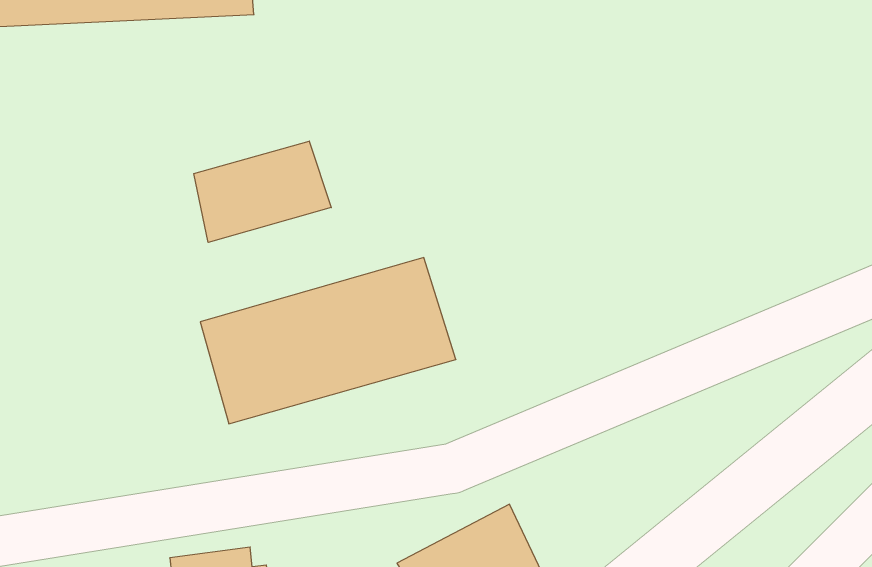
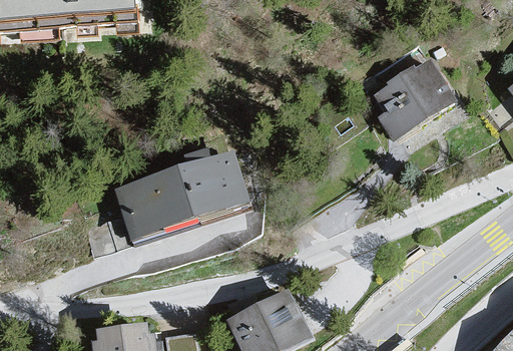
building: none -> [377,58,459,139]
building: [194,141,331,242] -> none

